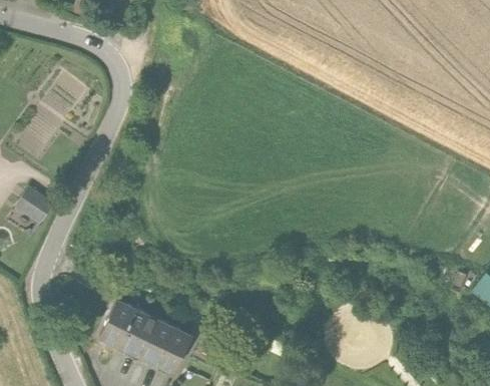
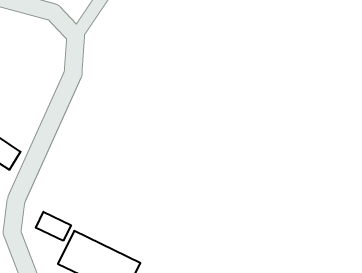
building: none -> [36,212,71,241]

